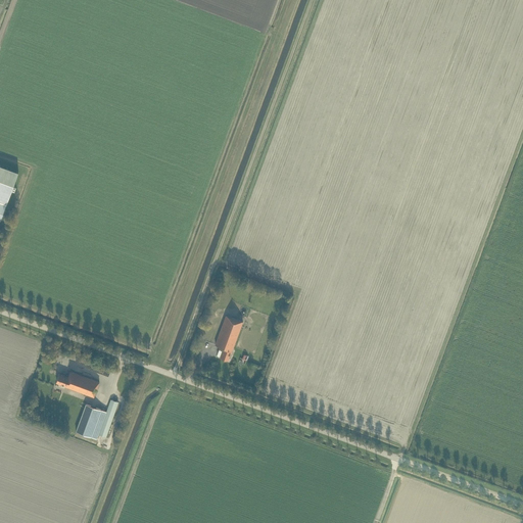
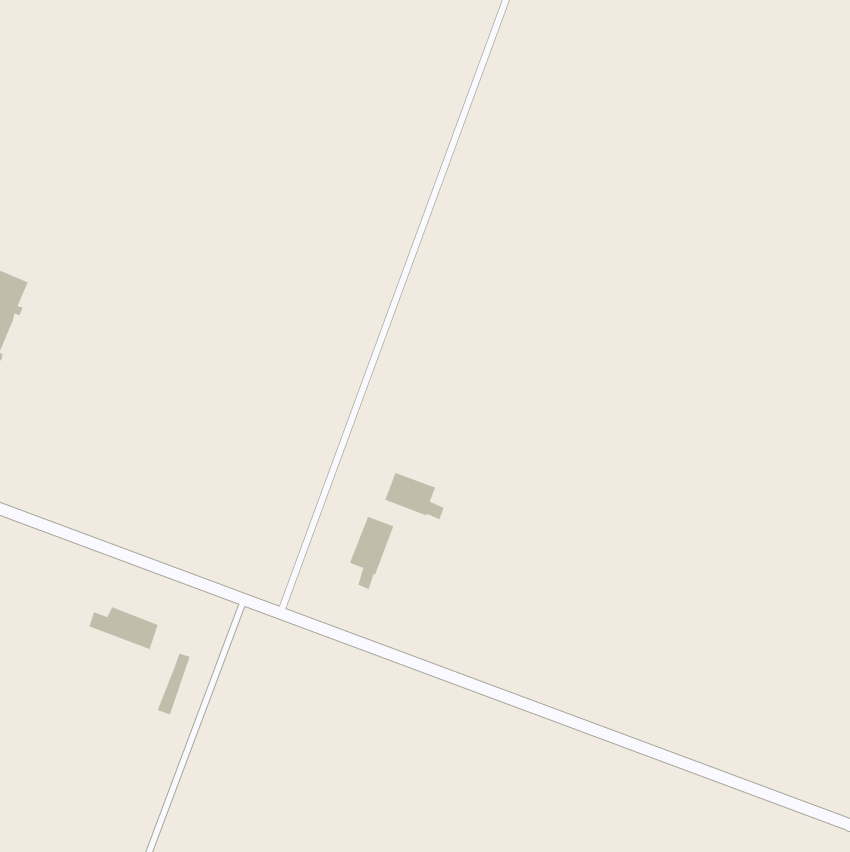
building: none -> [384,472,444,520]
building: [74,405,105,439] -> none

